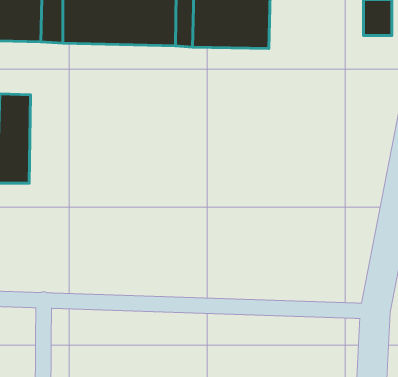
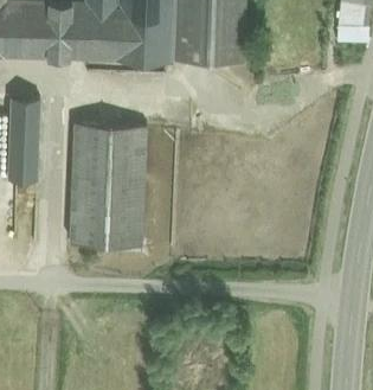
building: none -> [69,127,146,249]

